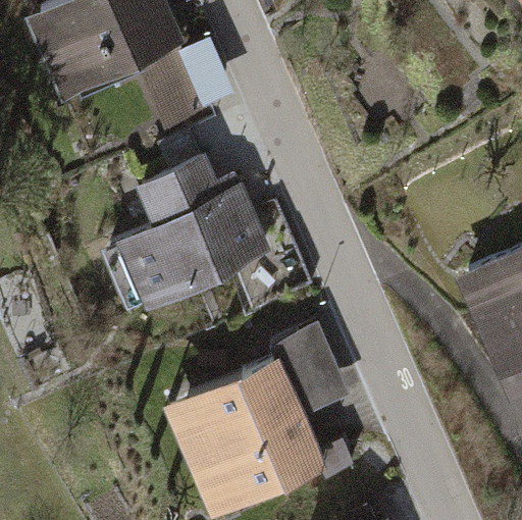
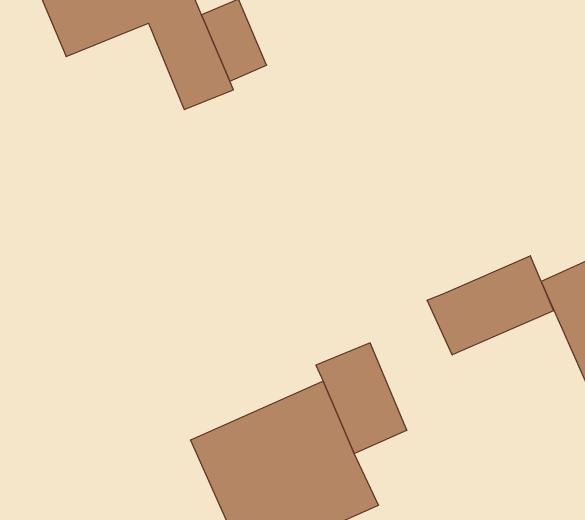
building: [120,158,264,304] -> none
building: none -> [427,256,553,355]

